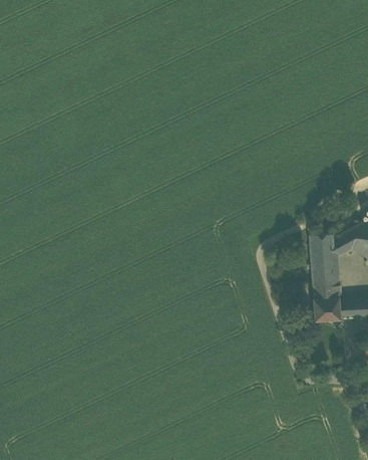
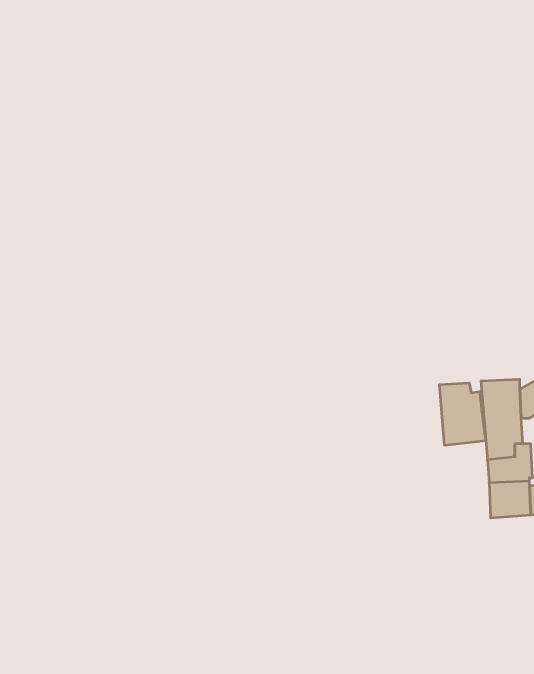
building: none -> [440,383,486,445]

